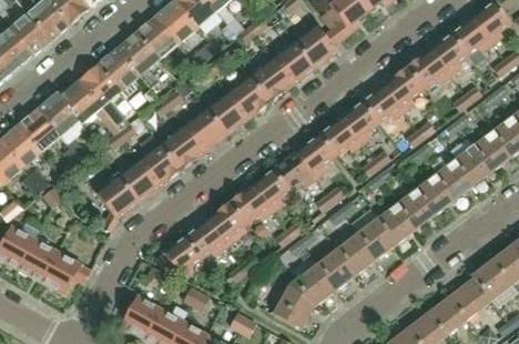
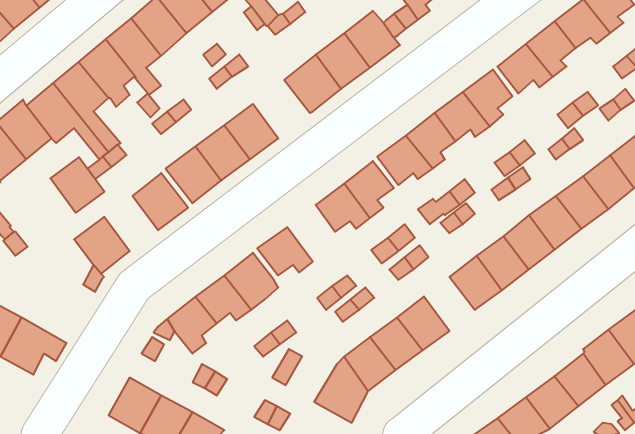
building: [227,77,269,120] -> none
building: [118,162,157,203] -> [50,157,104,213]
building: [253,169,288,211] -> none
building: [354,222,391,262] -> none

